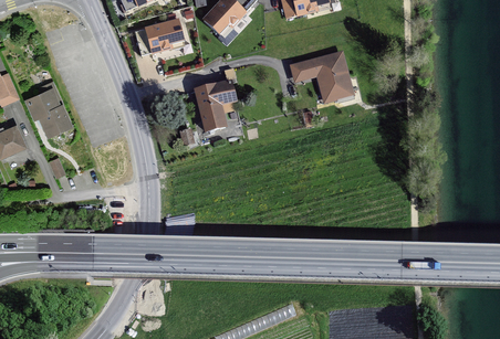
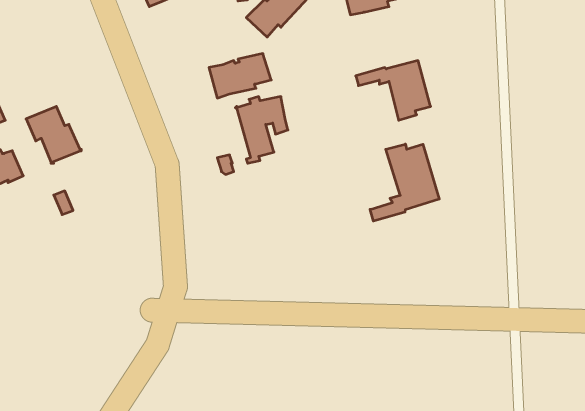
building: [134,20,184,55] -> [209,54,271,98]
building: none -> [370,144,439,221]

